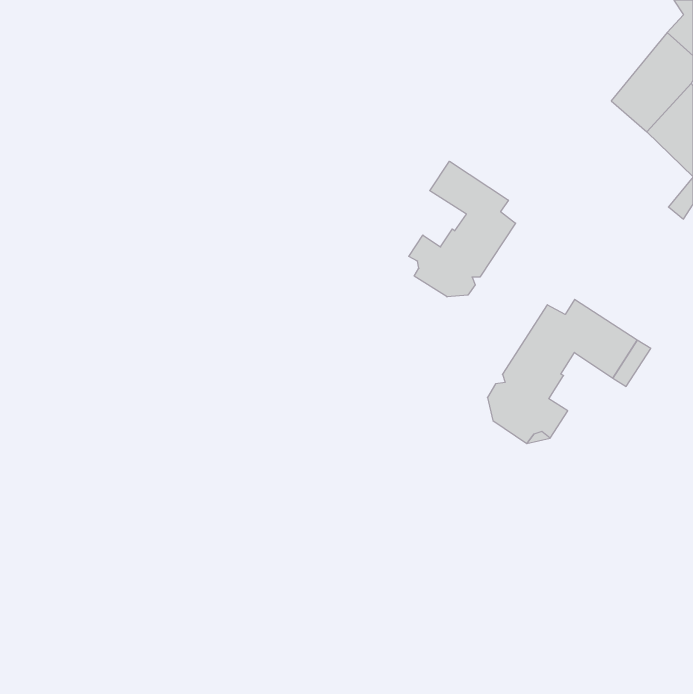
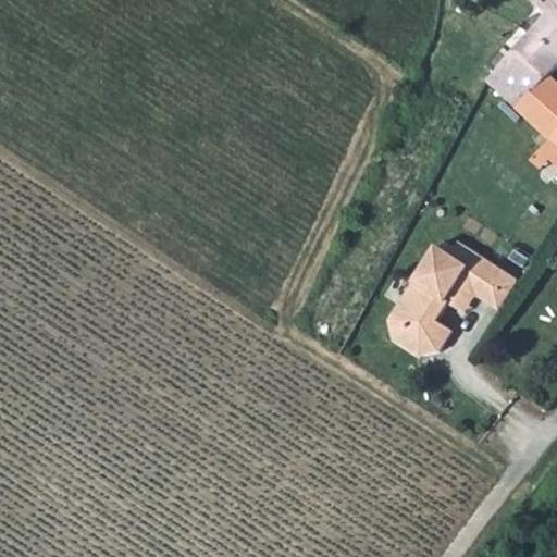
building: [409,161,516,297] -> none

